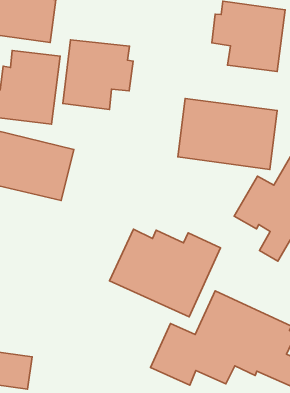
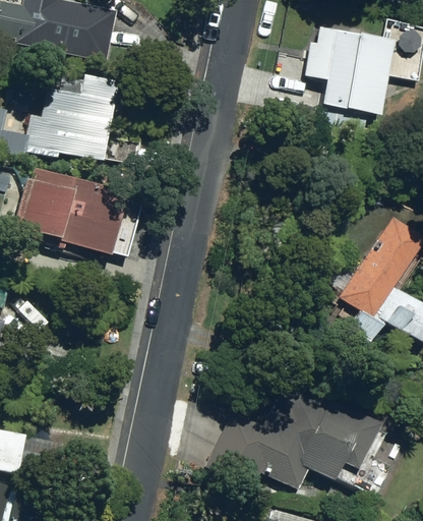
building: [63,40,133,109] -> none
building: [178,99,277,170] -> none
building: [109,229,221,317] -> none

